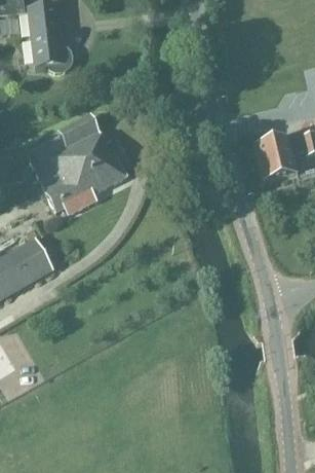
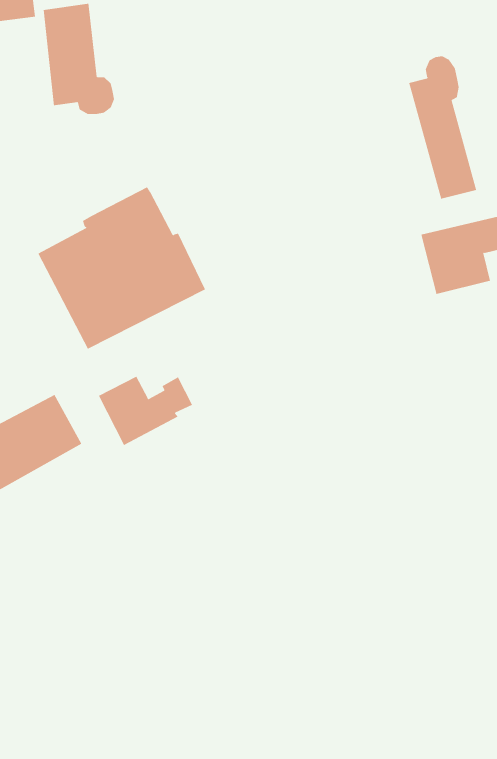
building: none -> [408,55,477,199]
building: none -> [98,376,193,446]

